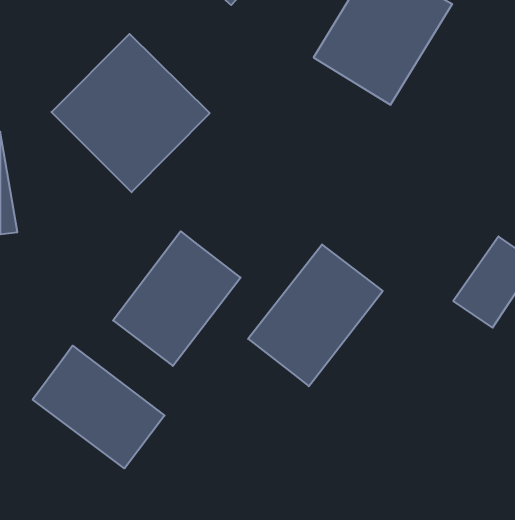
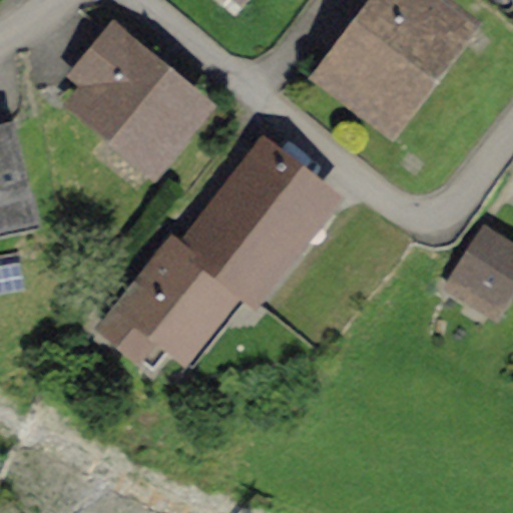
building: [248,244,383,386] -> [200,144,332,283]
building: [33,346,165,468] -> none

